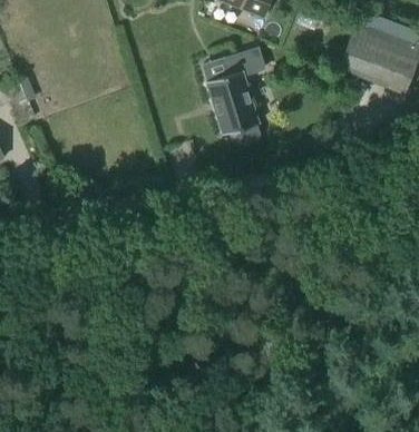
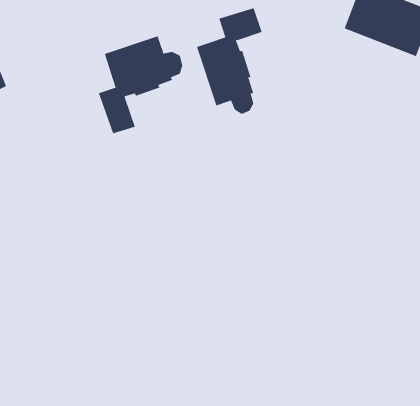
building: none -> [98,36,183,134]

